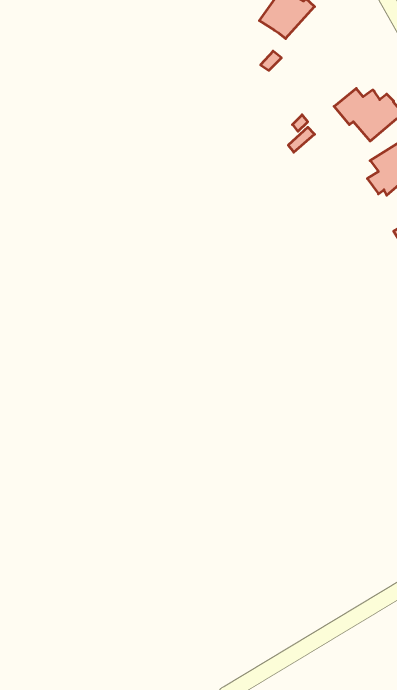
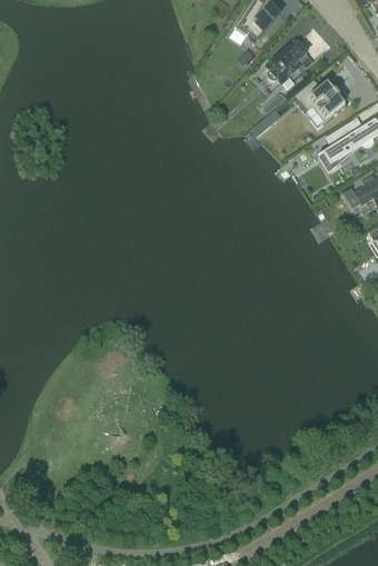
building: none -> [266,40,308,83]

